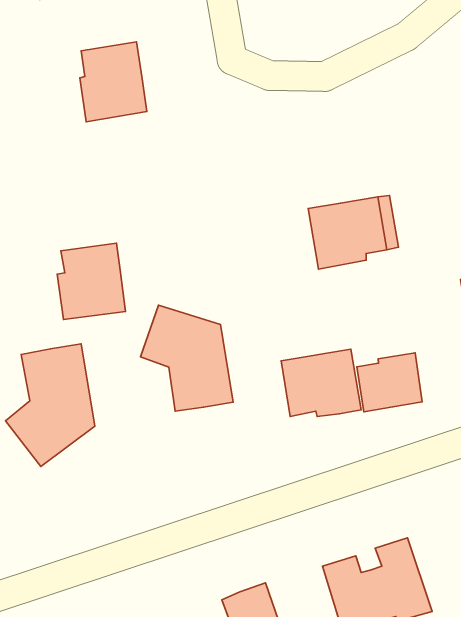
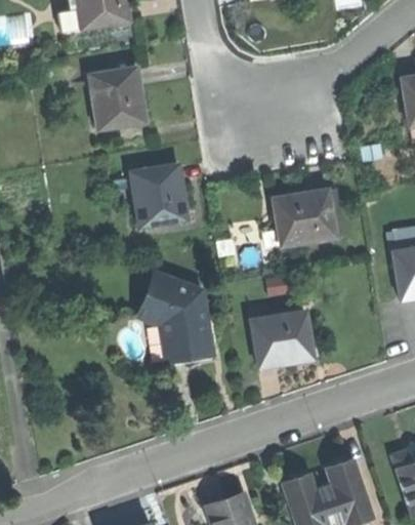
building: [57,243,125,319] -> [132,164,186,225]
building: [5,344,95,467] -> none
building: [357,353,422,412] -> none

